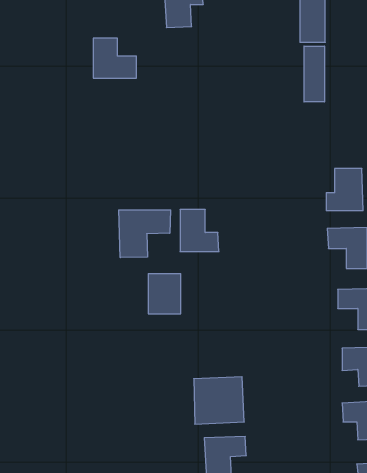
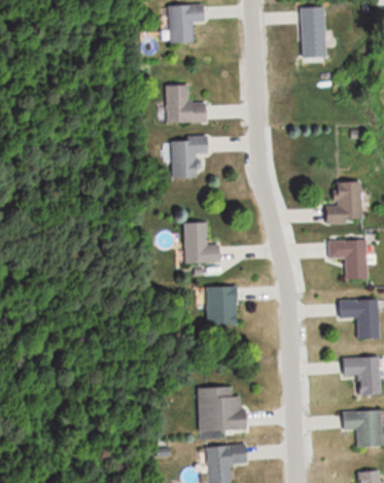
building: [93,38,136,78] -> [166,83,208,123]
building: [304,46,324,102] -> none
building: none -> [171,137,209,178]
building: [119,210,171,258] -> none
building: [148,274,181,314] -> [206,286,238,325]

